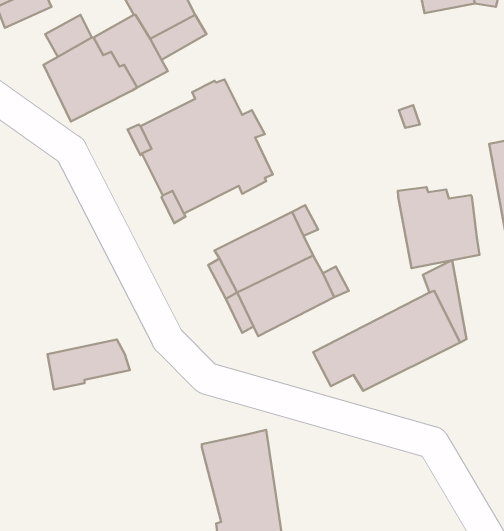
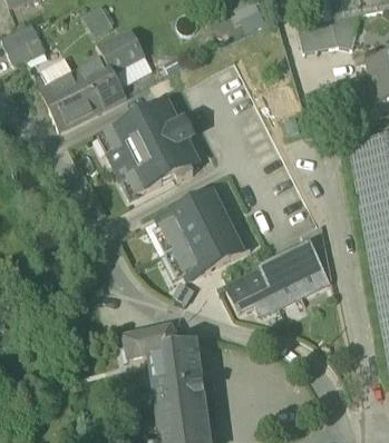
building: [398,187,479,268] -> none
building: [47,340,130,390] -> [124,323,181,357]

